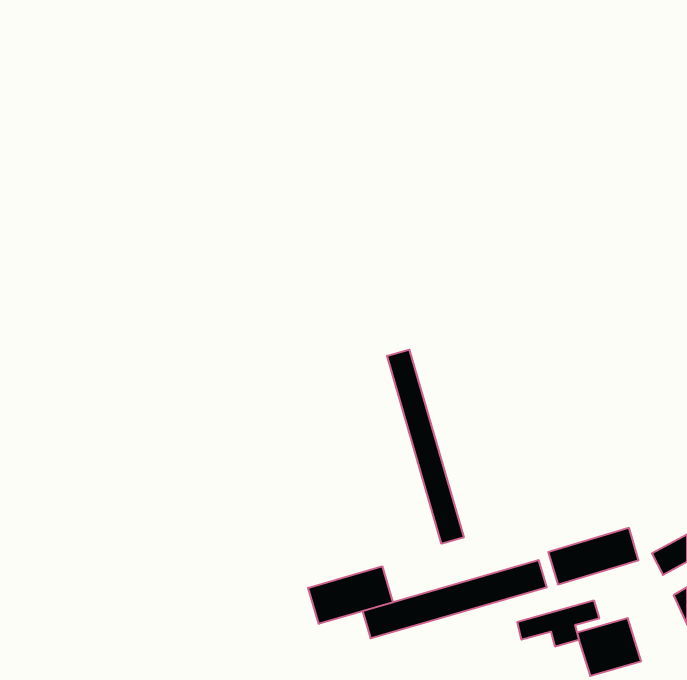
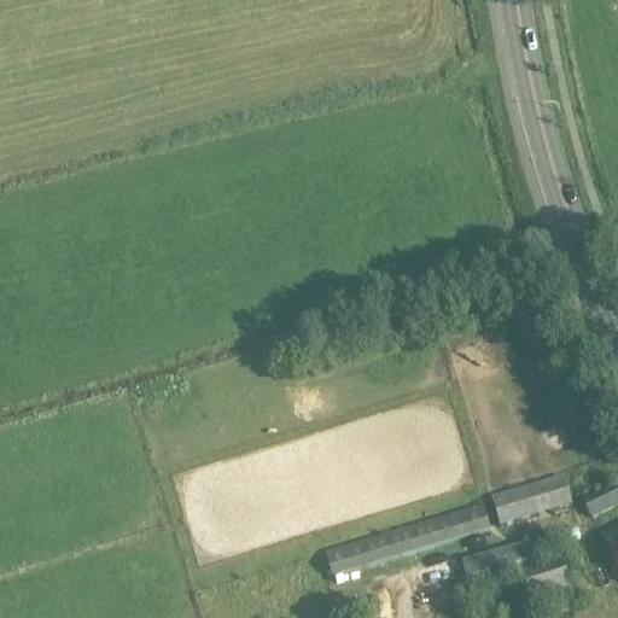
building: [387,350,464,544] -> none
building: [308,566,393,624] -> none

